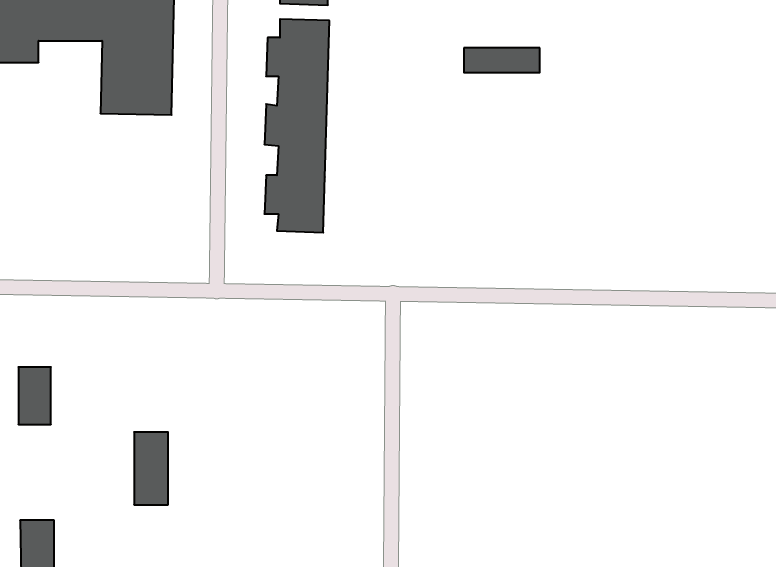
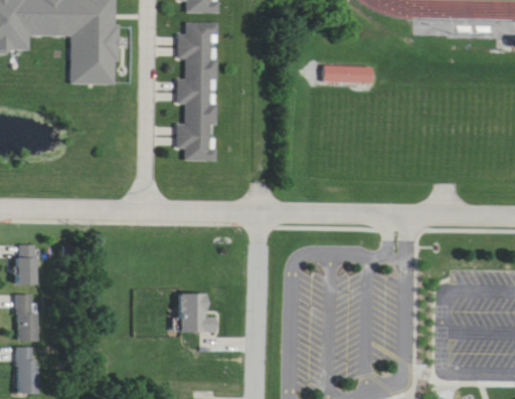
building: [464,48,540,73] -> [325,66,374,82]
building: [134,432,168,505] -> [16,295,38,343]
building: none -> [180,295,217,334]

